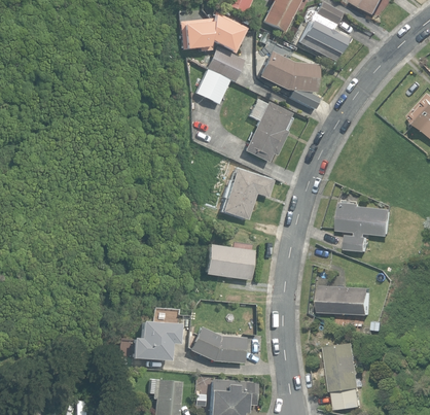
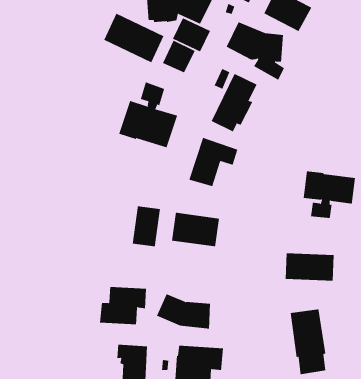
building: none -> [103,13,164,63]
building: none -> [119,82,178,148]
building: none -> [132,205,161,247]

